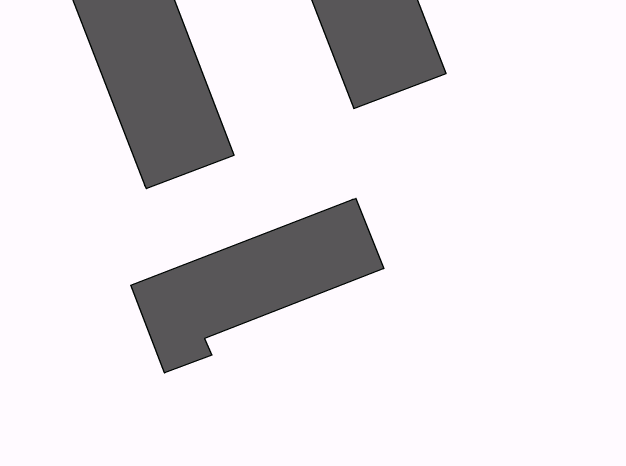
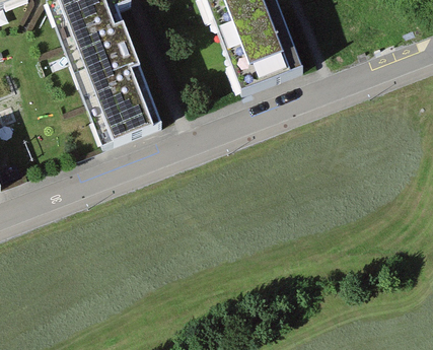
building: [131,198,384,373] -> none

